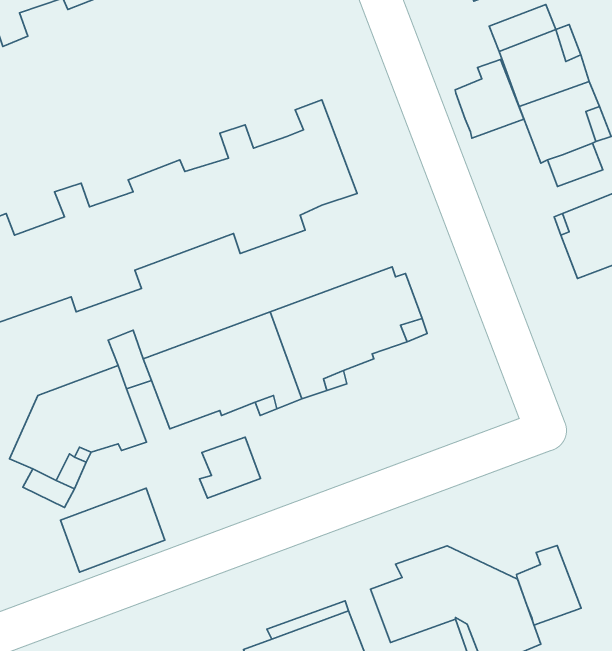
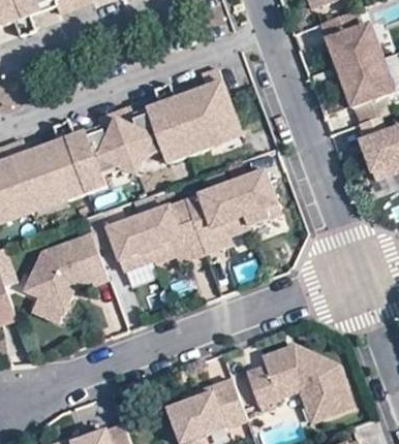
building: [455,59,524,138] -> none
building: [199,437,260,498] -> none
building: [61,488,165,572] -> none
building: [516,545,581,625] -> none

